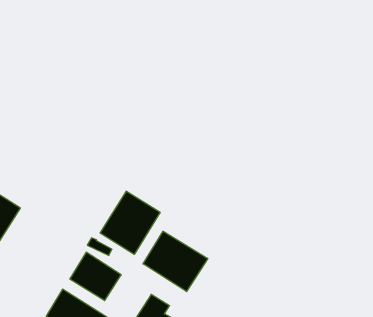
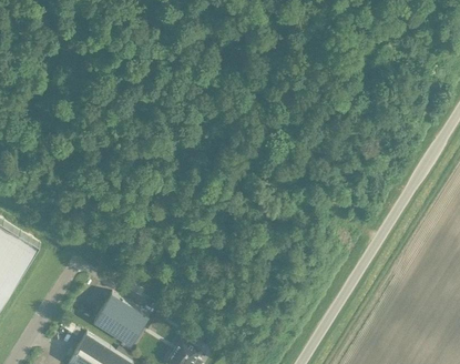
building: [100,191,160,254] -> none
building: [143,231,208,292] -> none

